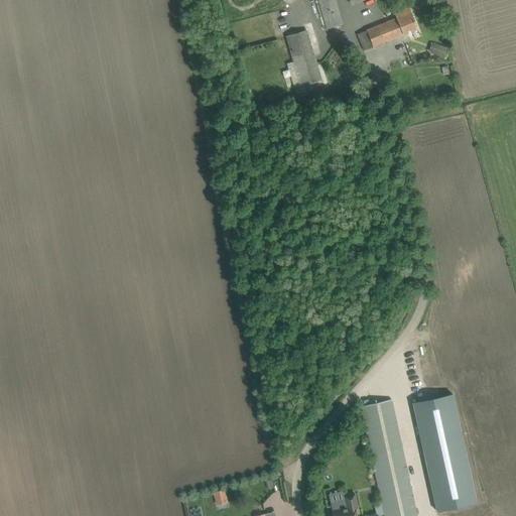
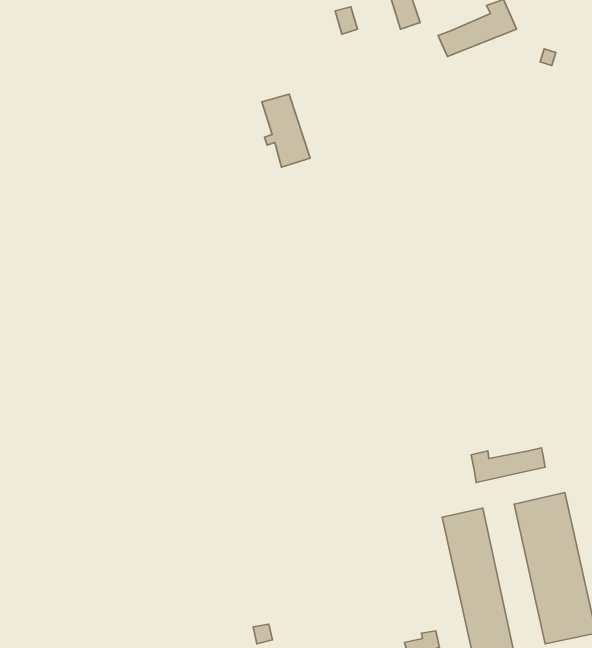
building: [284,32,321,89] -> [262,94,310,167]
building: none -> [471,448,545,482]

